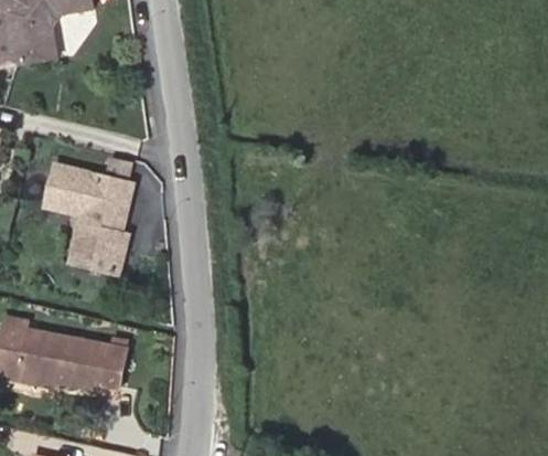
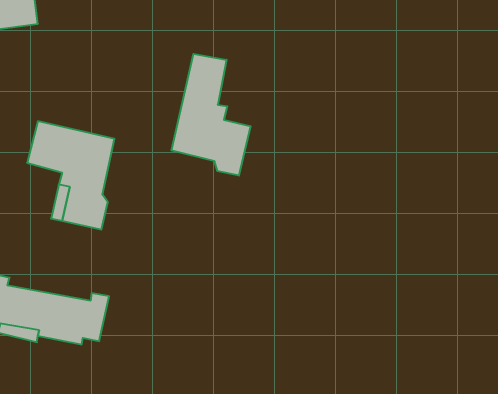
building: none -> [171,54,250,176]

